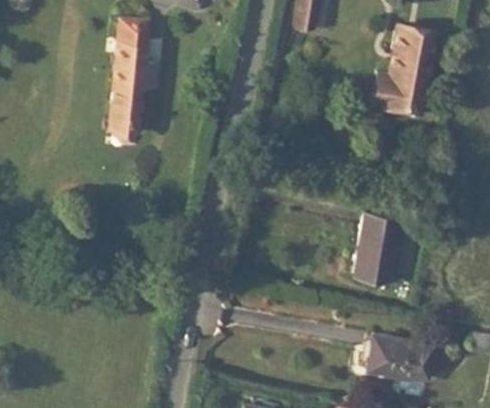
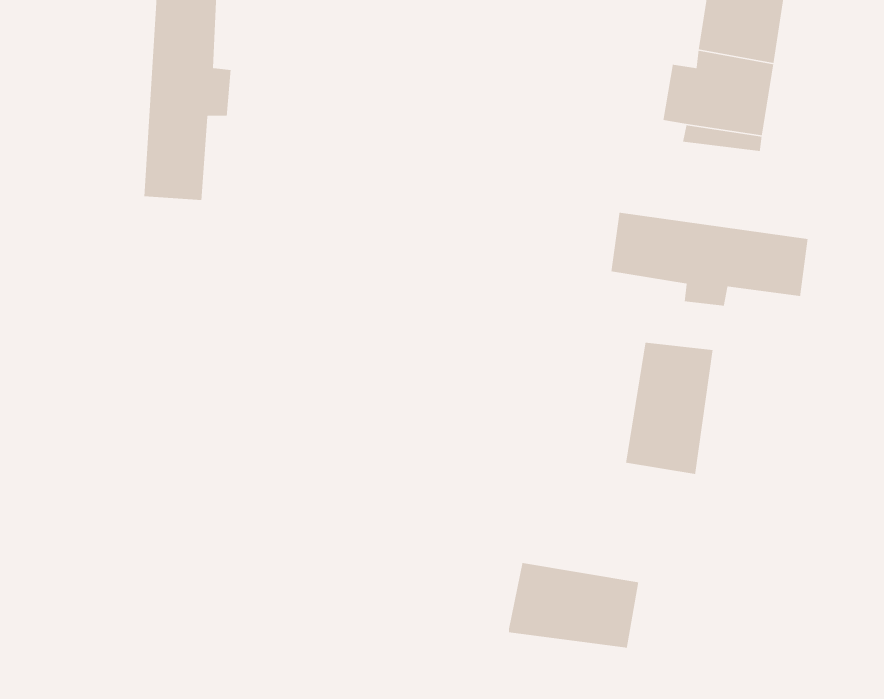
building: none -> [610,212,809,306]
building: [370,336,437,380] -> [508,562,639,648]

